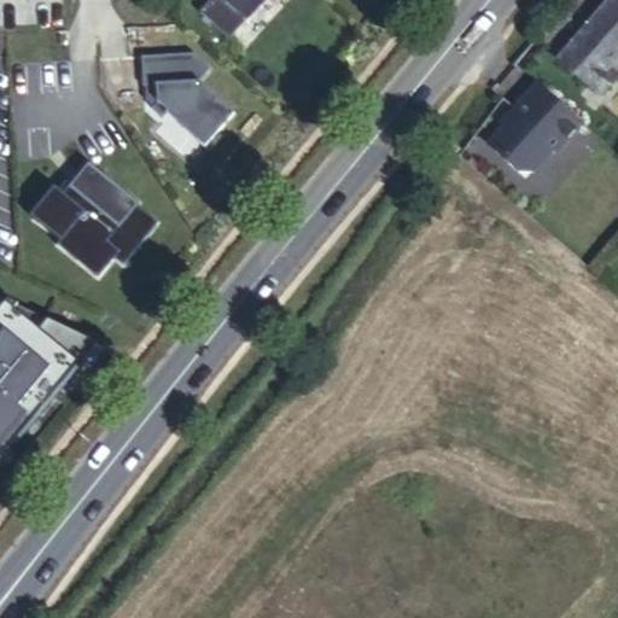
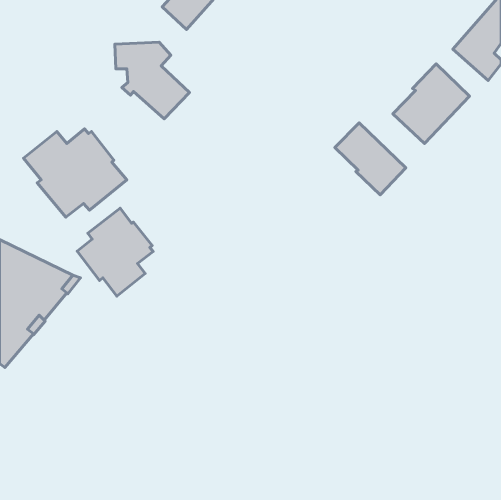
building: none -> [335,123,406,195]
building: none -> [77,208,153,296]

